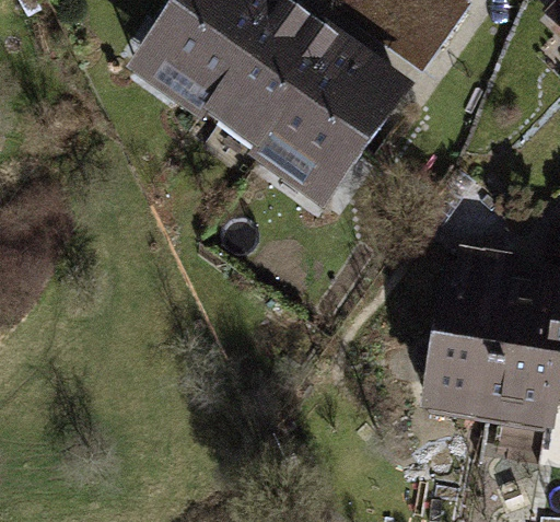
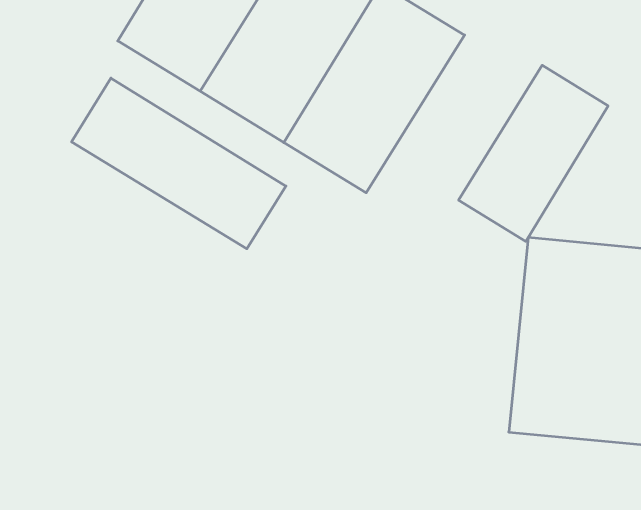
building: none -> [72,78,286,249]
building: none -> [459,65,608,241]

